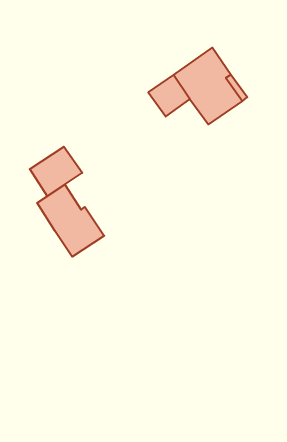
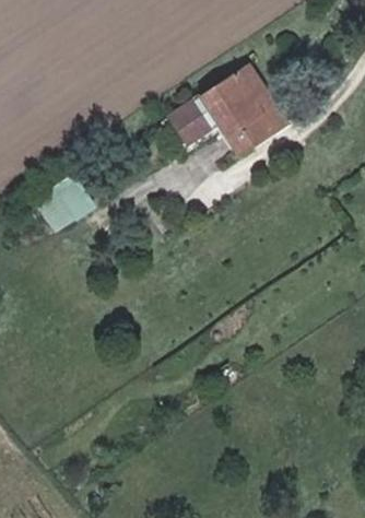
building: [37,184,104,257] -> none

